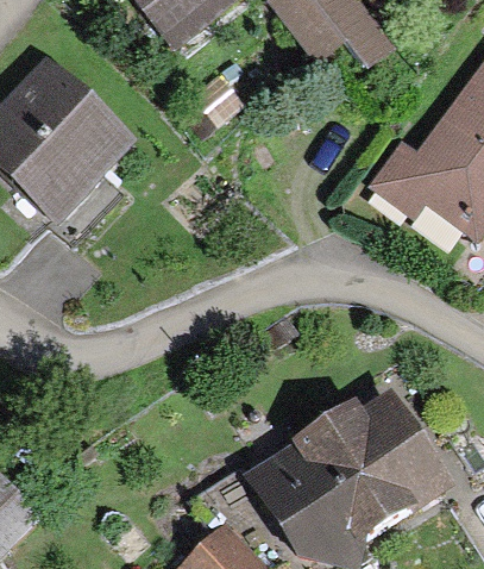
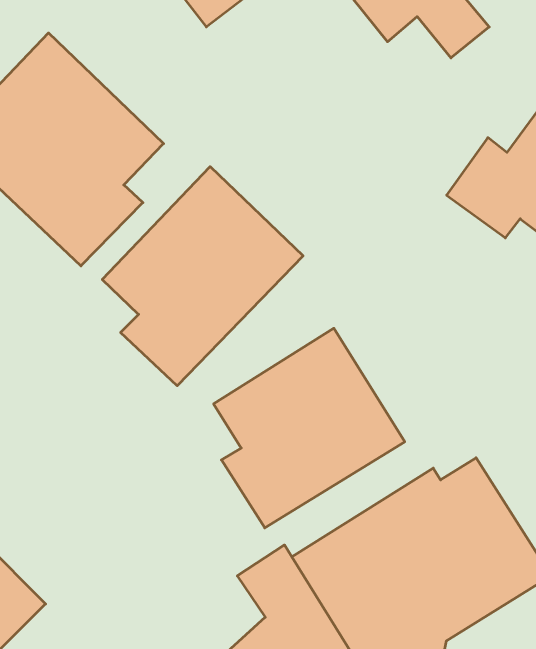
building: none -> [102,167,303,386]
building: none -> [214,328,405,528]

